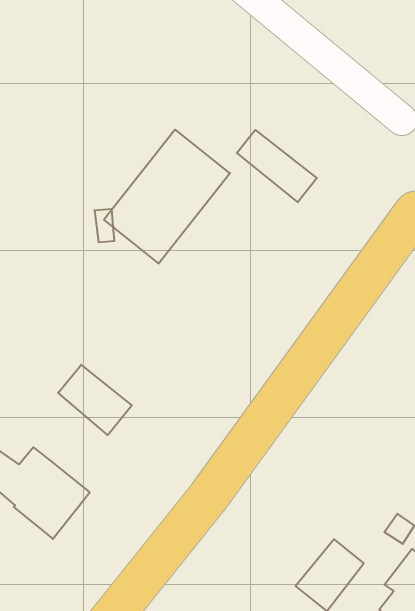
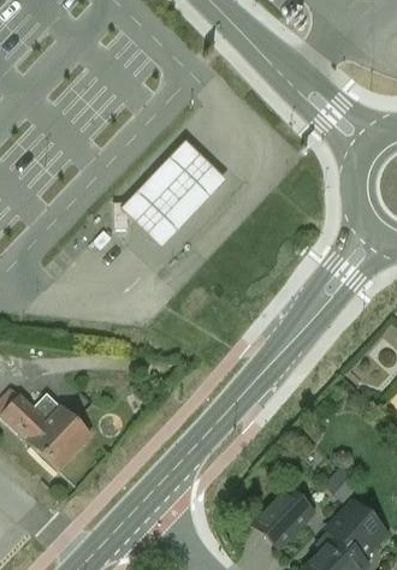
building: [237,130,317,202] -> none
building: [58,365,132,435] -> none

